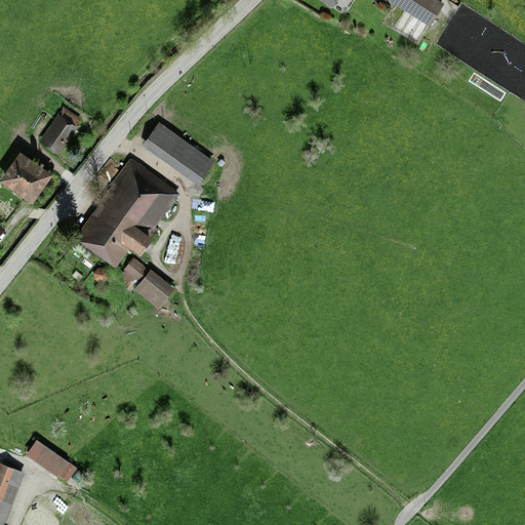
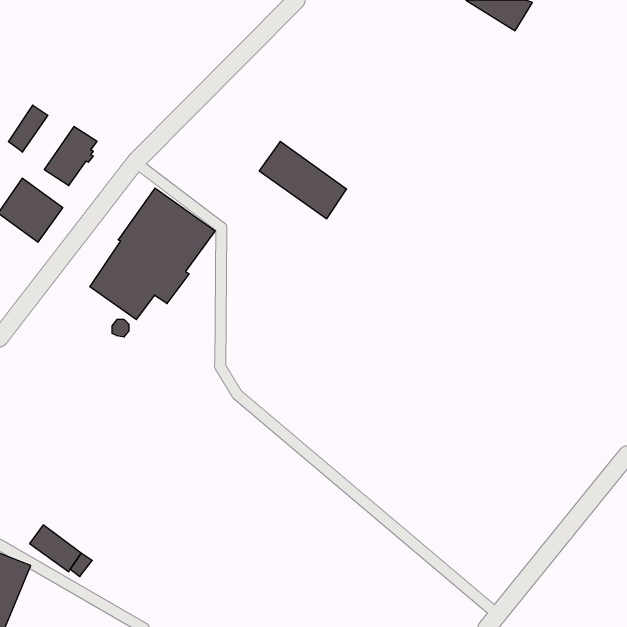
building: none -> [8,105,48,152]
building: [142,121,214,186] -> [259,141,347,219]
building: [118,257,174,309] -> none

